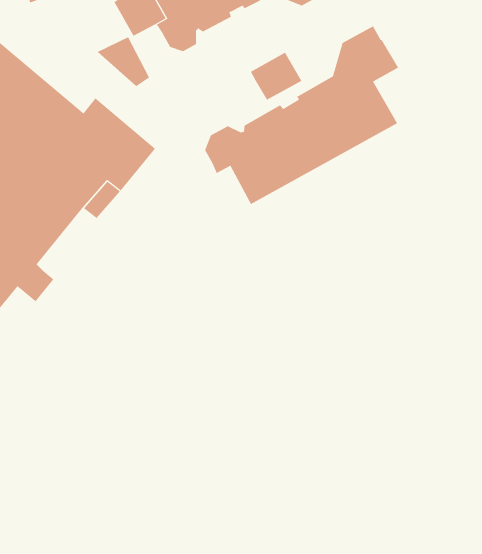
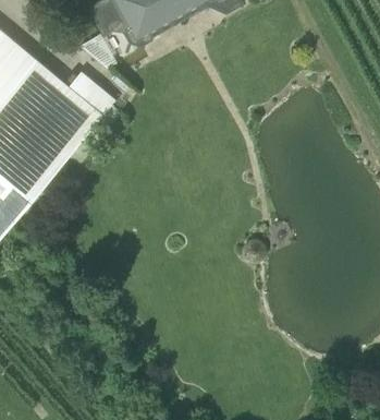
building: [205,25,399,205] -> none
building: [250,52,302,101] -> none

